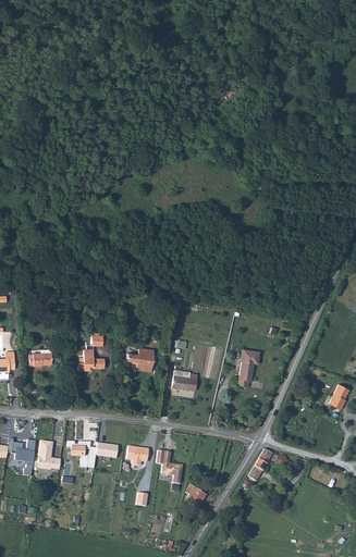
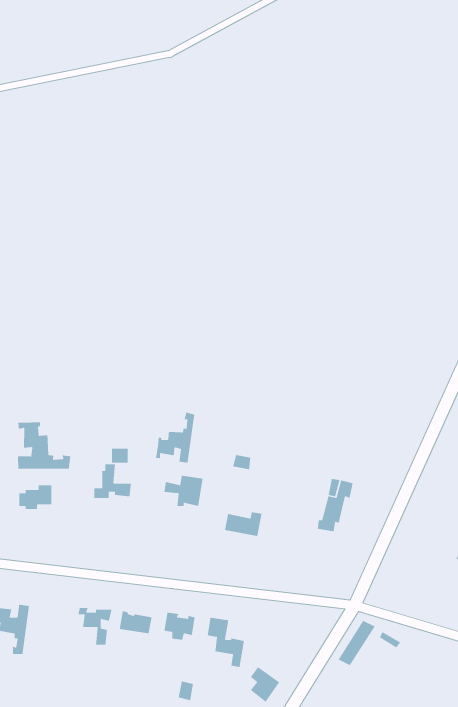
building: none -> [155,411,195,464]
building: none -> [17,421,71,470]
building: [37,438,61,468] -> none

